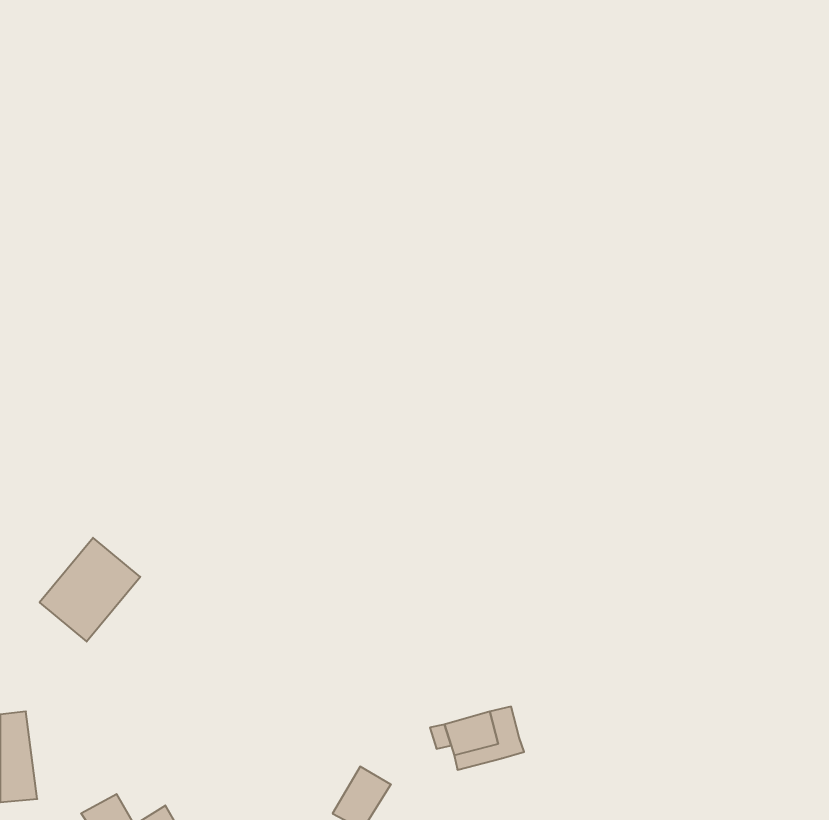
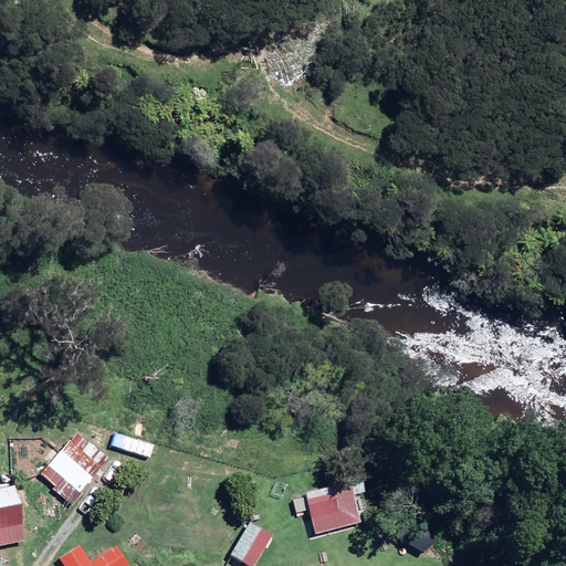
building: [40,538,140,642] -> [42,434,111,505]

